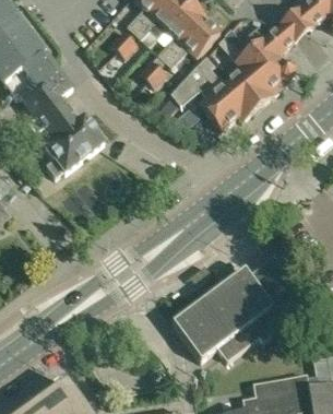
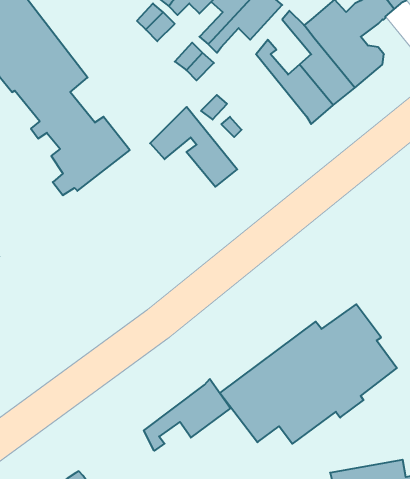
building: [171,67,237,127] -> [150,107,237,187]
building: none -> [144,379,231,451]

